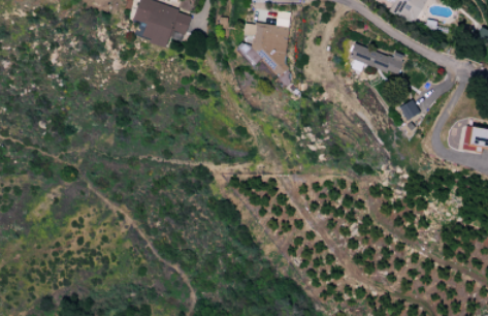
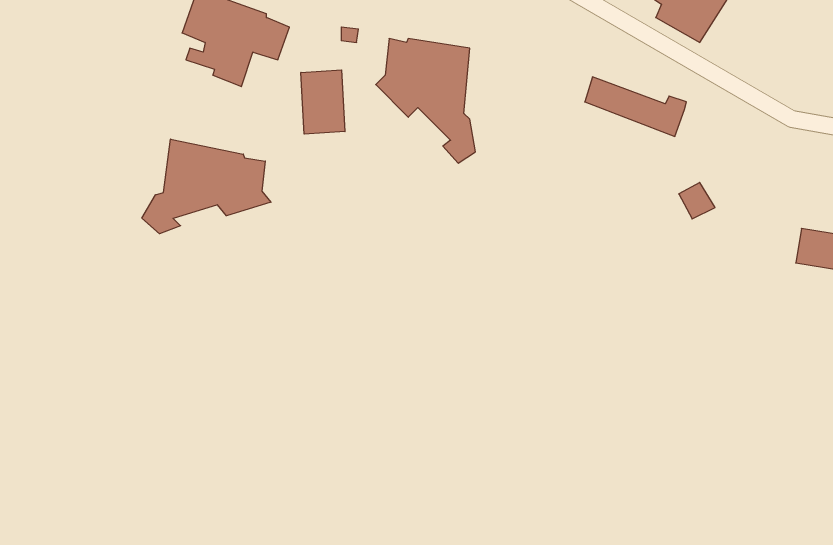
building: none -> [301,70,345,134]
building: none -> [142,139,271,234]

